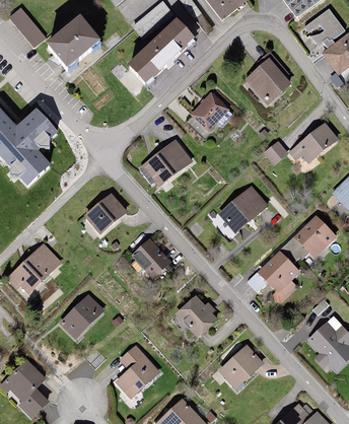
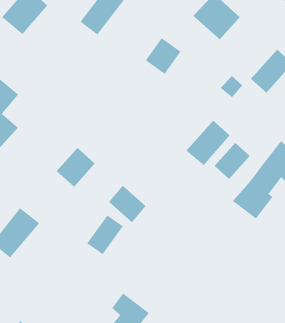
building: [141,141,192,190] -> none
building: none -> [214,142,250,180]
building: [177,294,217,336] -> none
building: [60,296,100,337] -> [86,215,124,255]
building: [217,345,262,388] -> none

